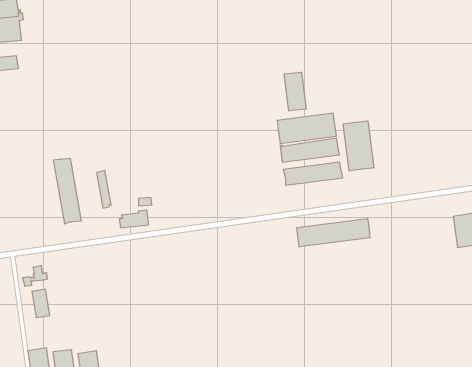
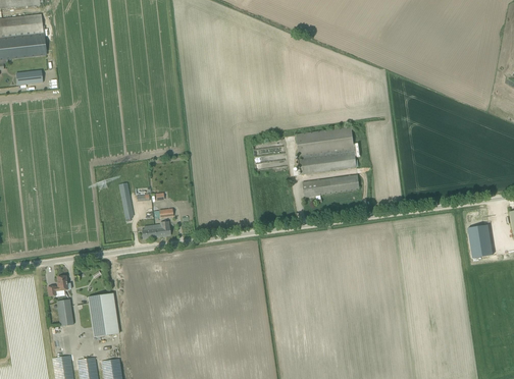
building: [284,72,306,111] -> none
building: [343,121,374,171] -> none
building: [53,158,81,224] -> none
building: [297,218,370,247] -> none
building: none -> [88,292,119,337]

